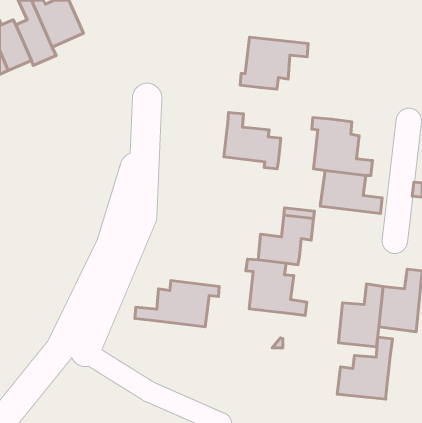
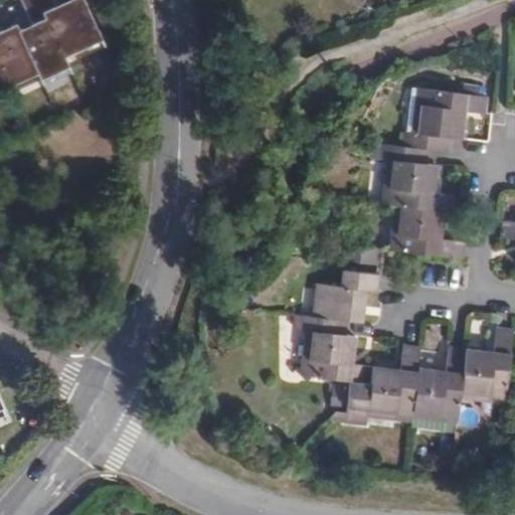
building: [240,37,308,89] -> [403,87,486,150]
building: [224,112,281,169] -> none
building: [135,281,219,327] -> none
building: [337,337,393,399] -> [352,345,419,420]

